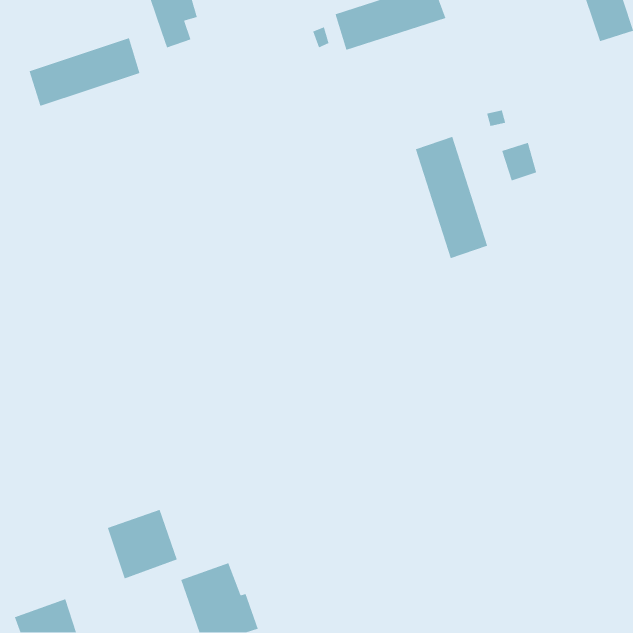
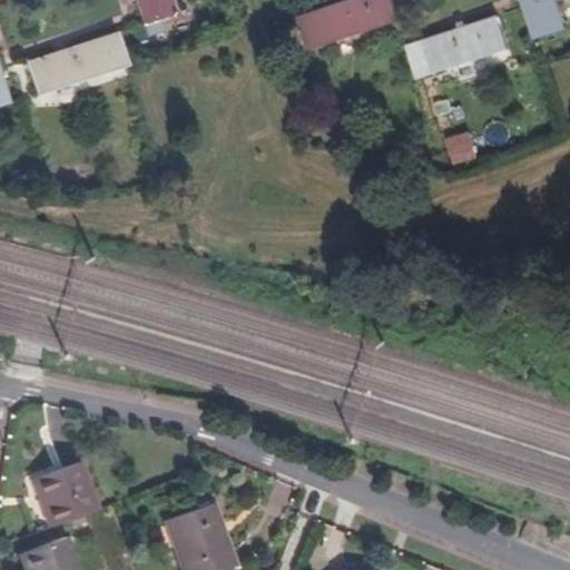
building: none -> [411,14,512,75]
building: [415,136,488,259] -> none
building: [107,509,178,580] -> [28,464,91,528]

